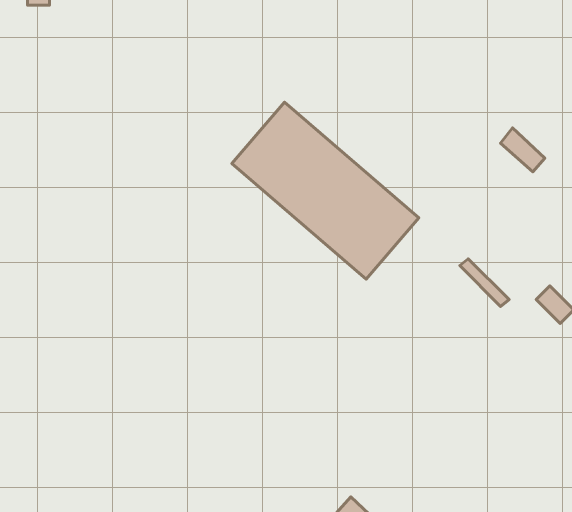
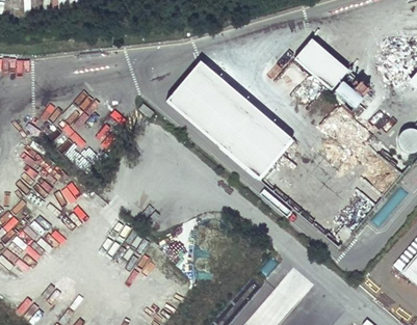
building: none -> [296,44,344,89]

